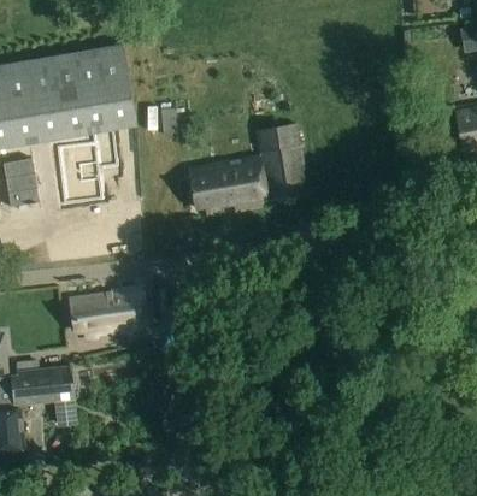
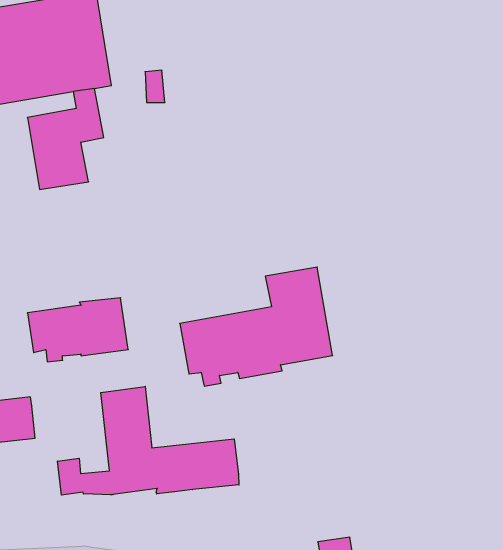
building: [187,122,307,215] -> [180,267,333,386]
building: none -> [58,386,239,495]

